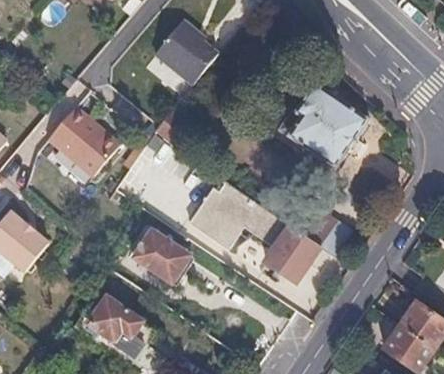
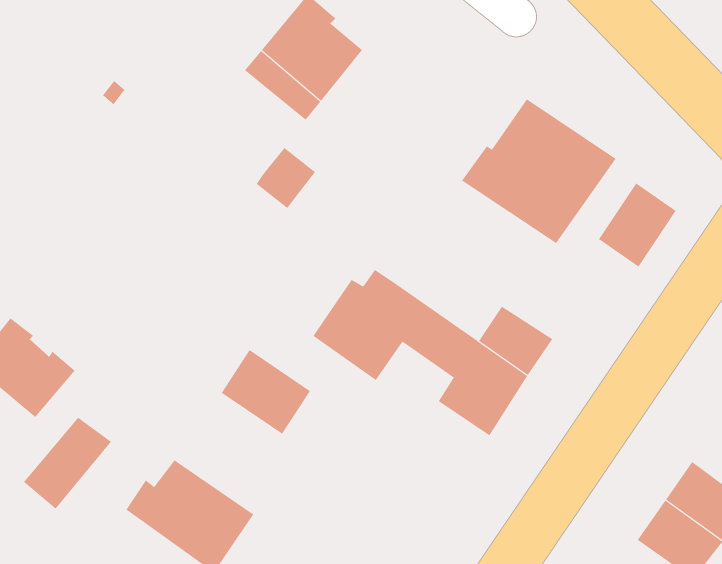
building: [44,110,117,180] -> none
building: none -> [598,183,677,267]
building: none -> [23,417,112,509]

